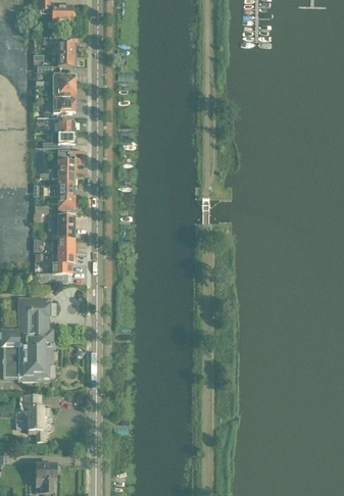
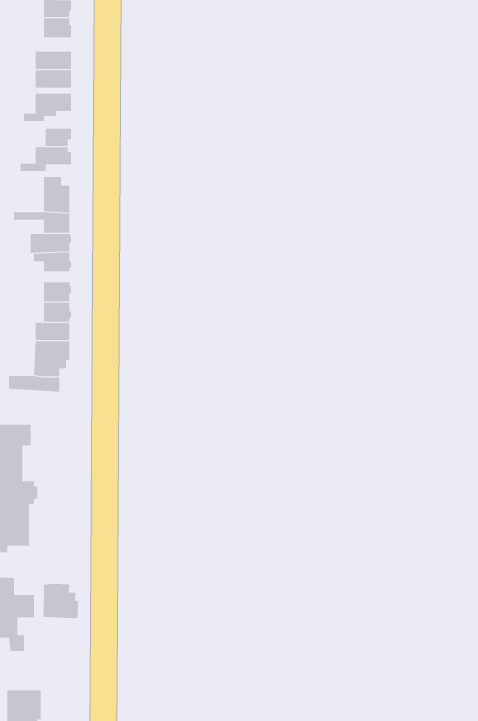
building: none -> [43,583,79,619]

